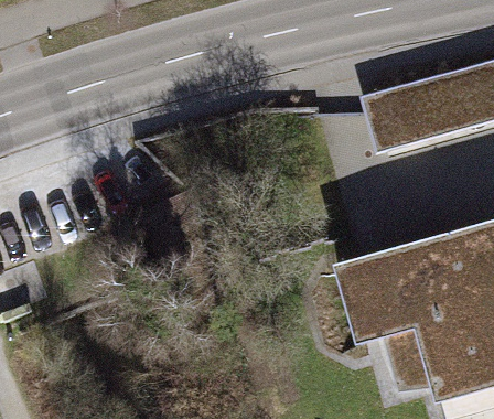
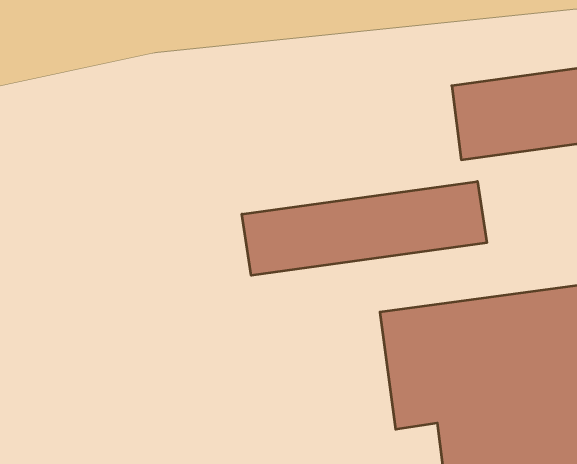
building: none -> [242,181,487,275]

